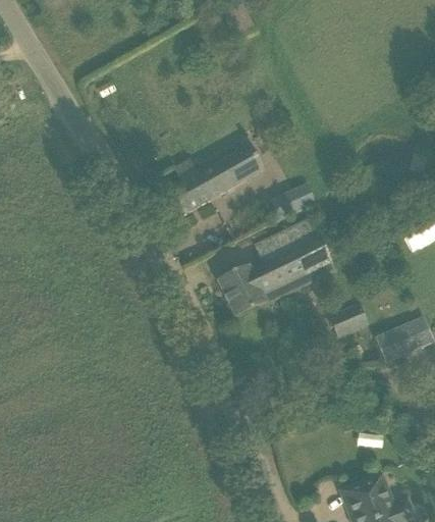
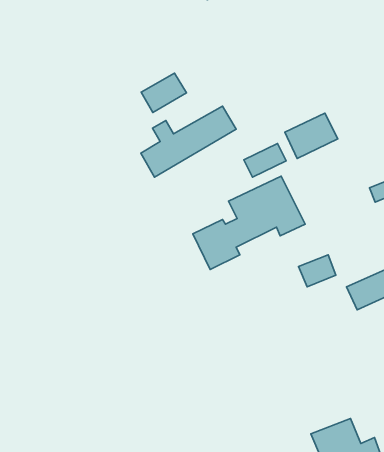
building: none -> [141,73,186,112]
building: none -> [285,113,338,159]

